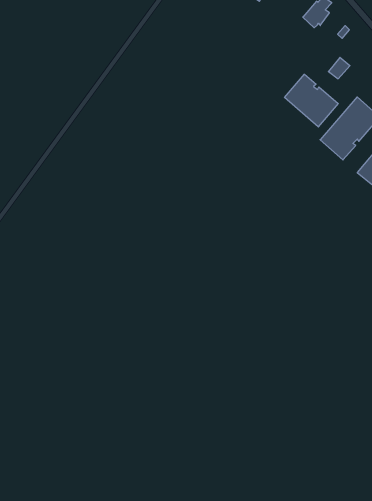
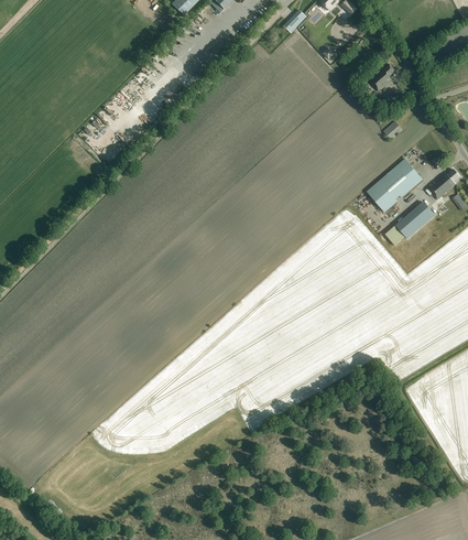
building: [285,74,338,127] -> none

